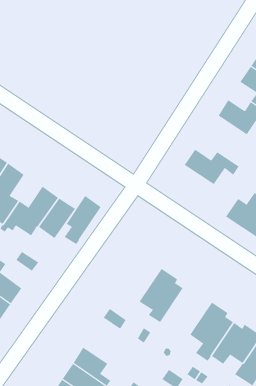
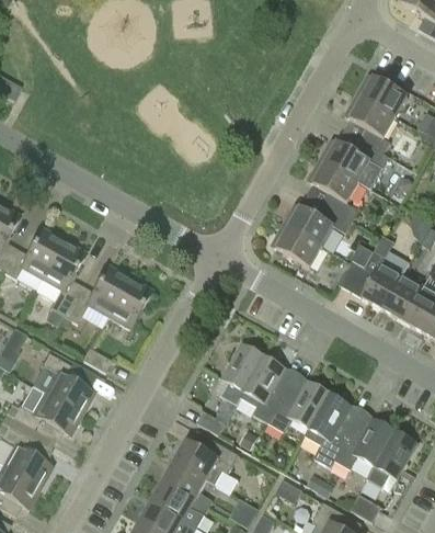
building: none -> [308,160,358,222]
building: none -> [271,225,322,269]
building: [64,195,101,245] -> [220,342,264,405]
building: none -> [268,378,330,432]
building: none -> [174,440,239,494]

